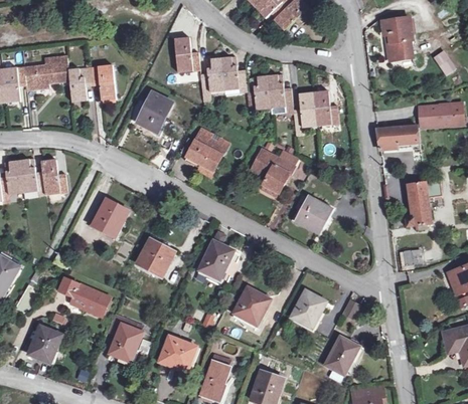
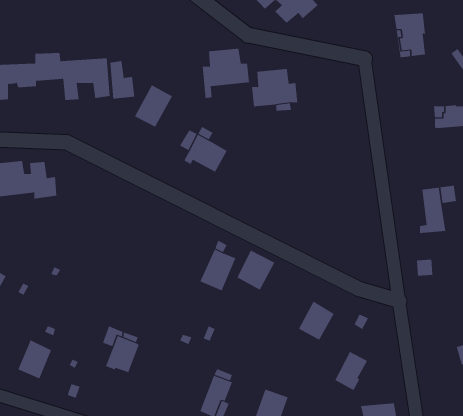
building: [176,33,200,69] -> [109,61,135,99]
building: [293,89,339,137] -> none
building: [375,128,420,148] -> none
building: [251,149,298,194] -> none
building: [296,190,335,225] -> none
building: [94,200,129,236] -> none
building: [138,239,172,274] -> none
building: [58,277,109,317] -> none
building: [235,288,271,327] -> [236,250,275,290]
building: [161,337,196,367] -> none

